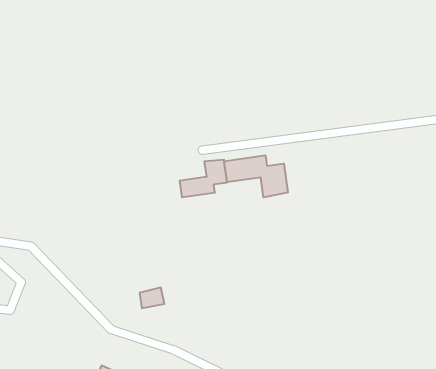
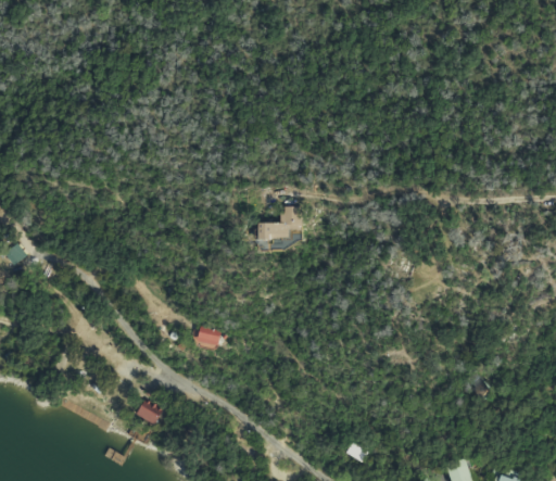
building: [224,155,288,197] -> none

